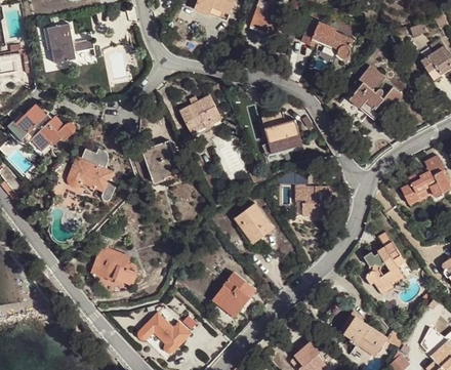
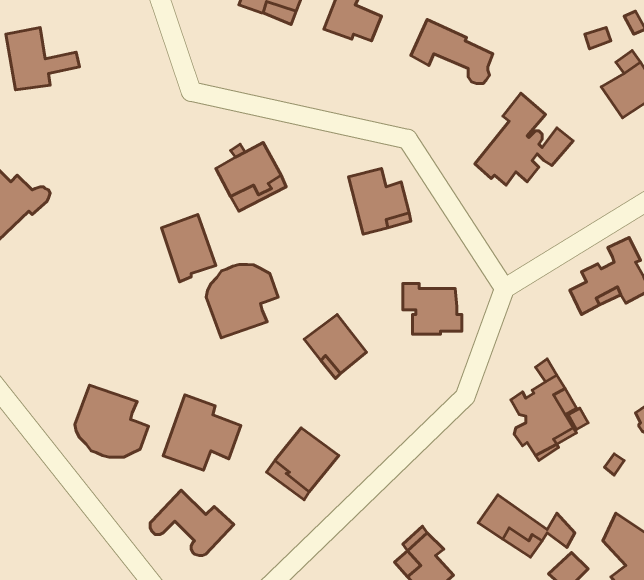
building: [67,148,117,201] -> none
building: none -> [206,264,278,338]
building: none -> [163,395,241,470]

